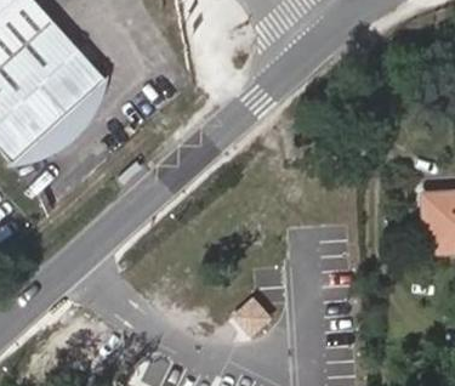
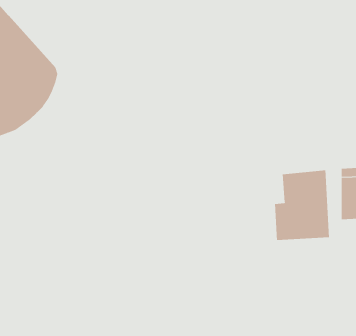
building: none -> [274,170,330,241]

